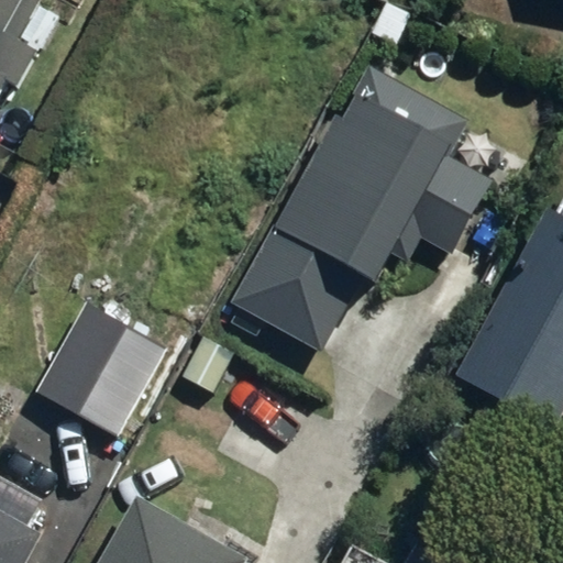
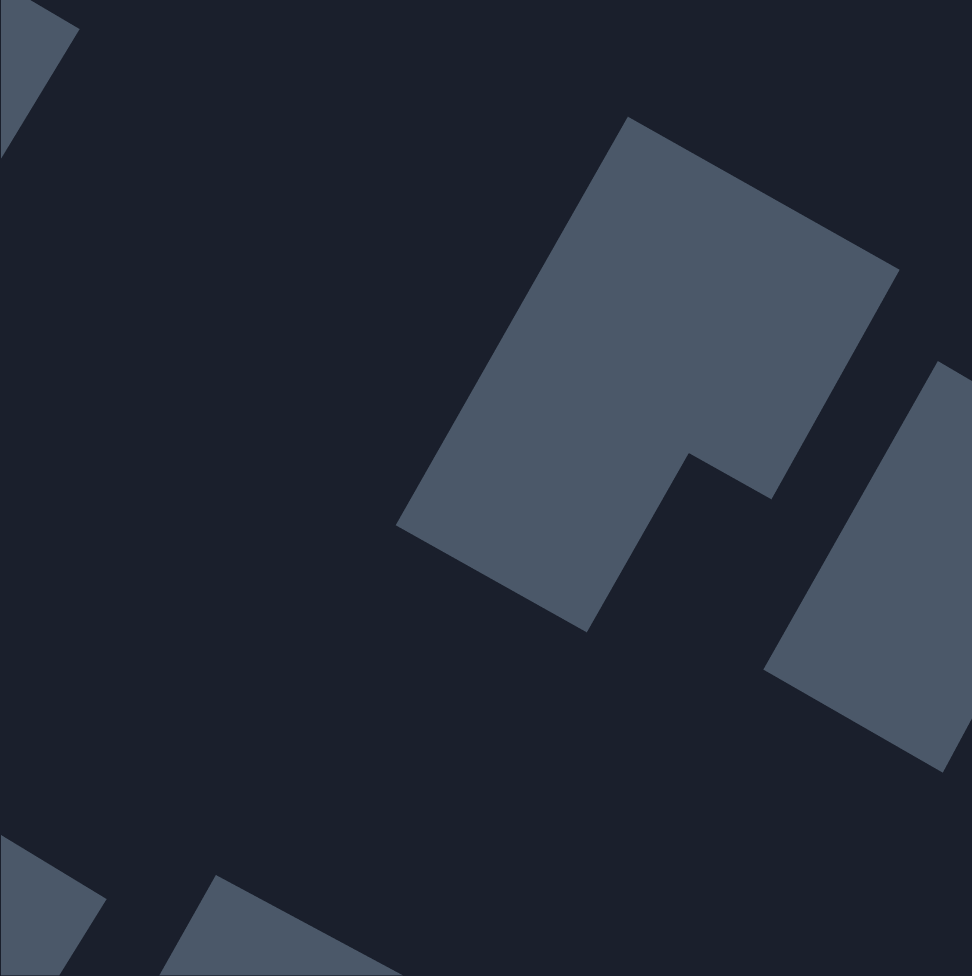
building: [33,296,168,437] -> none

